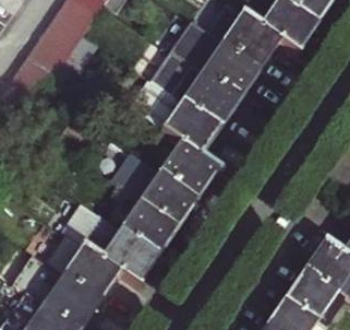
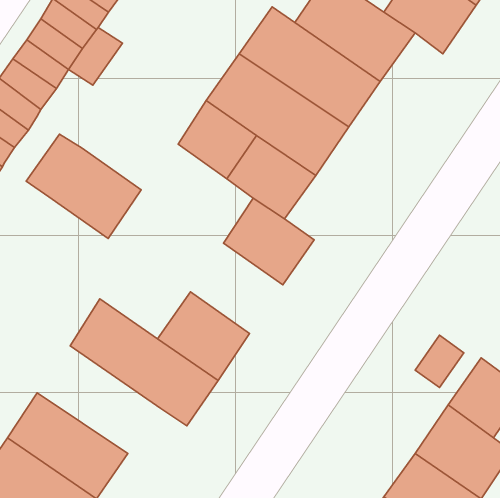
building: [128,160,200,225] -> [26,134,141,238]
building: [46,233,123,300] -> none

